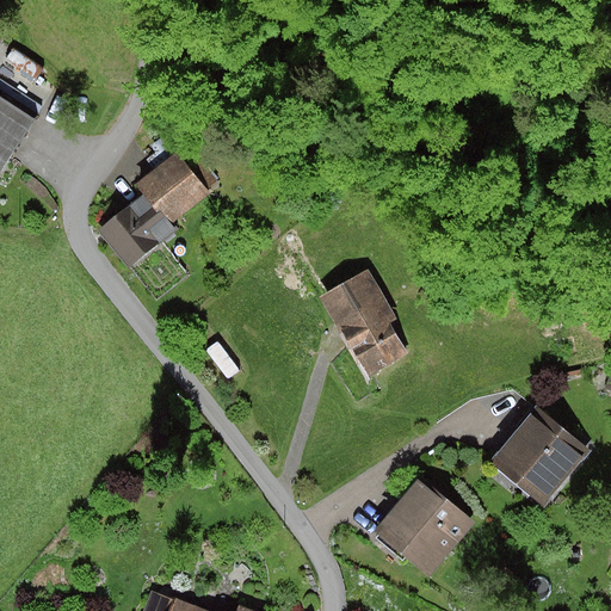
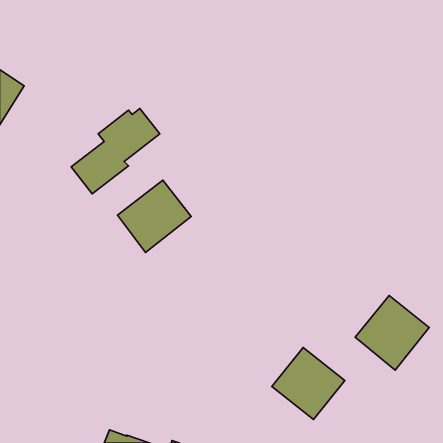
building: none -> [117,180,191,252]
building: [320,269,407,377] -> none

